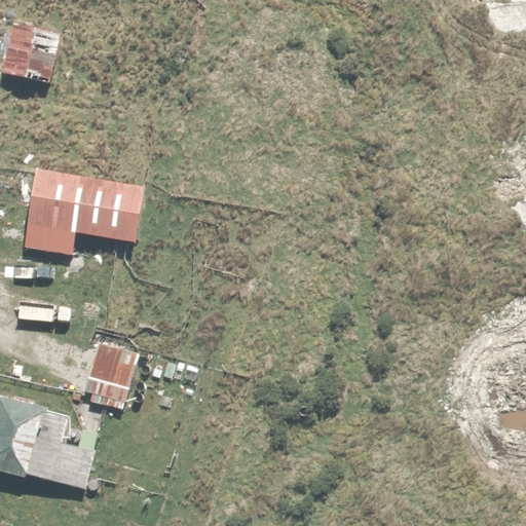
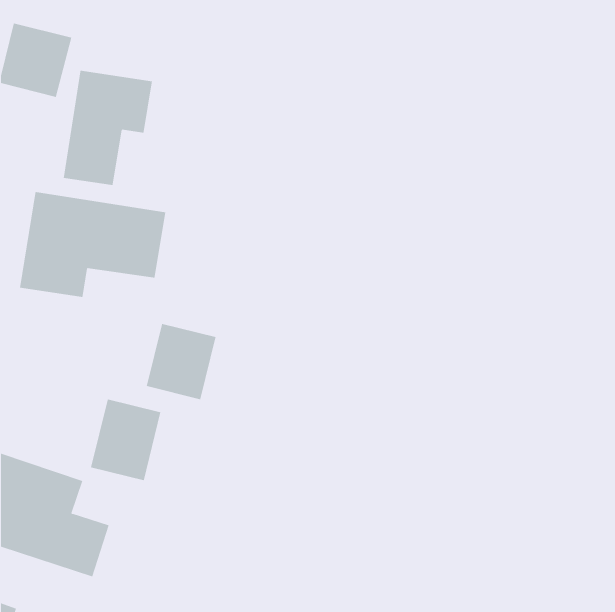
building: none -> [63,70,152,186]
building: none -> [146,323,216,400]

